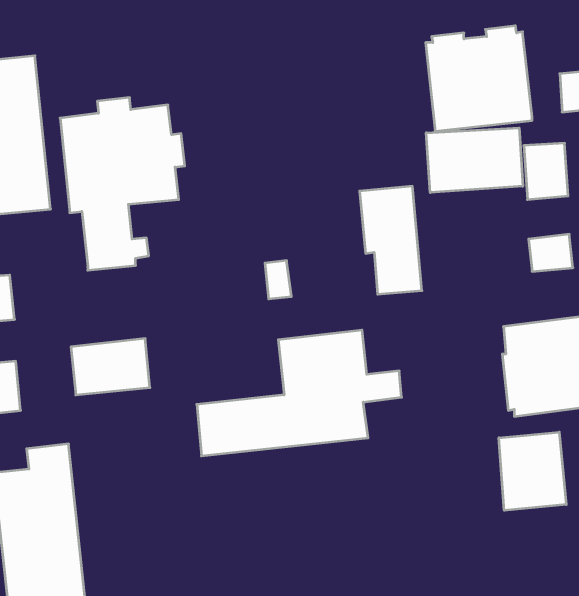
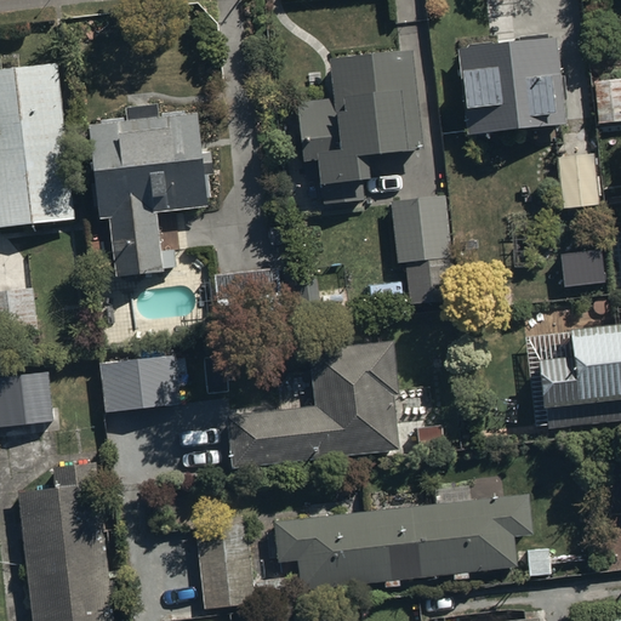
building: none -> [296,53,420,204]
building: [426,128,523,193] -> none
building: [499,432,566,510] -> none
building: none -> [273,494,531,591]
building: none -> [195,517,286,603]

